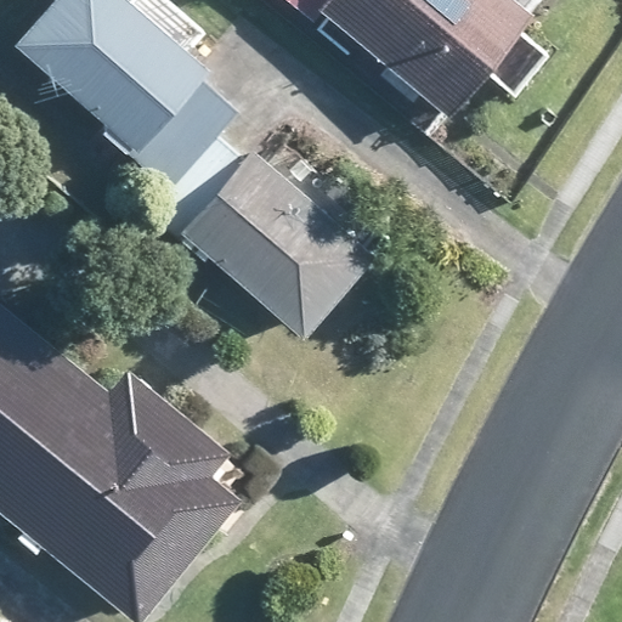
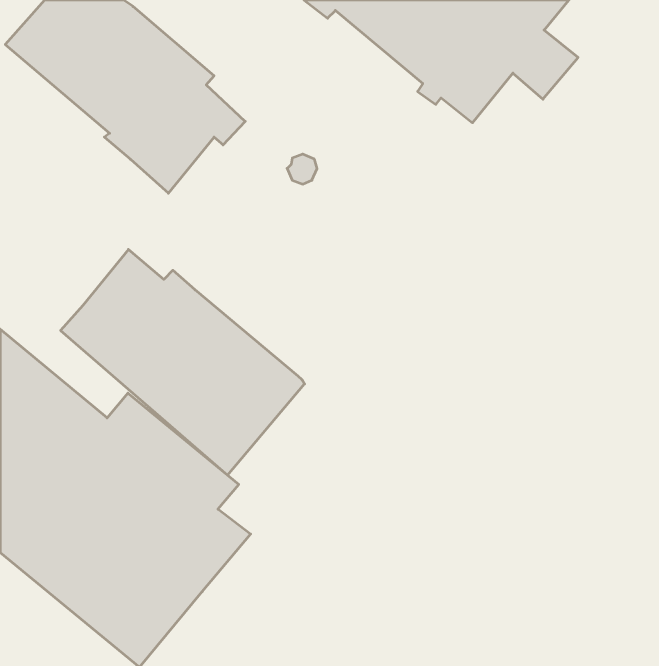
building: [143,129,371,339] -> [61,249,305,475]

